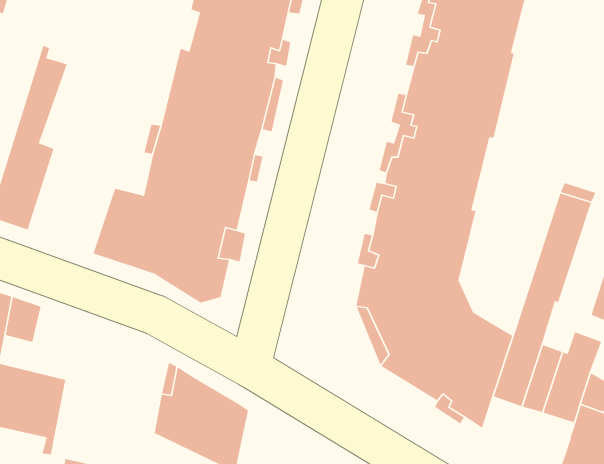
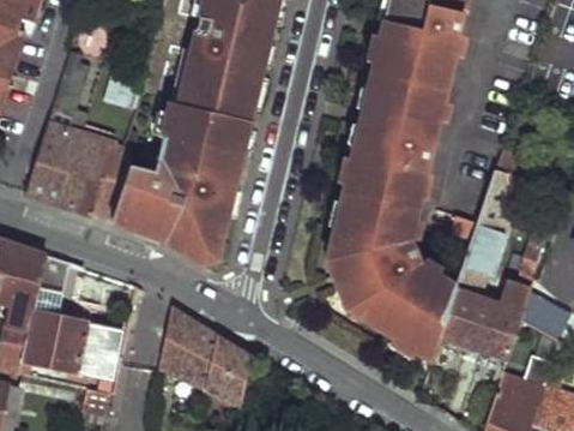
building: none -> [59,134,134,221]
building: none -> [80,324,120,379]

